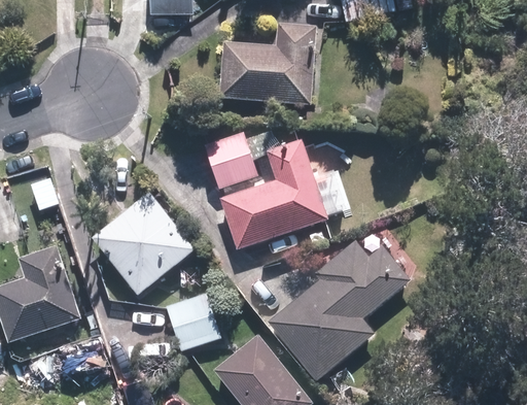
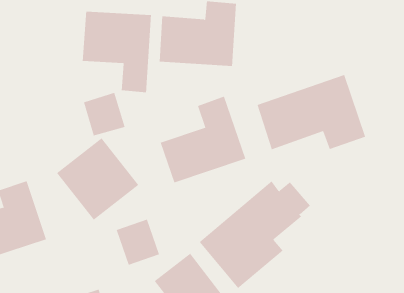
building: none -> [82,11,152,93]
building: none -> [257,74,366,150]
building: [205,132,257,187] -> [83,92,126,136]

